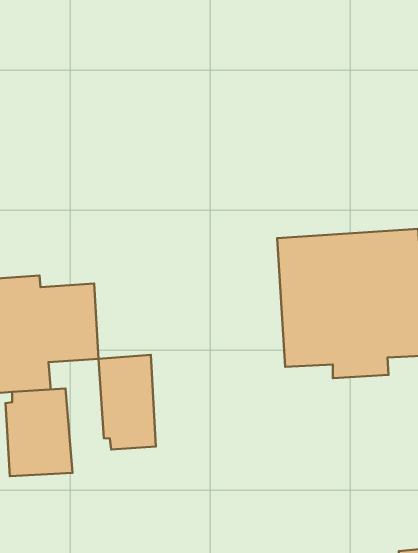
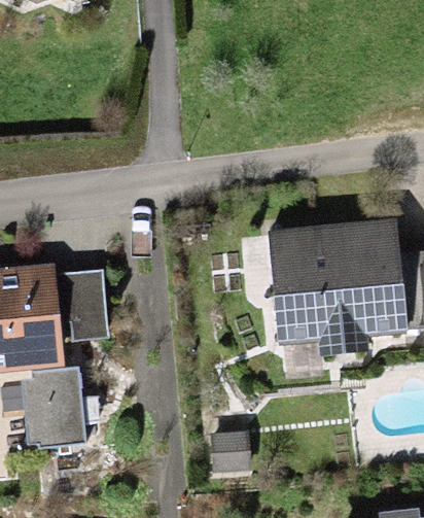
building: [99,355,156,449] -> none

